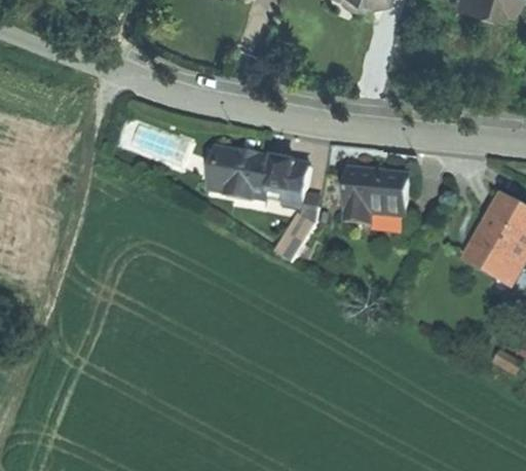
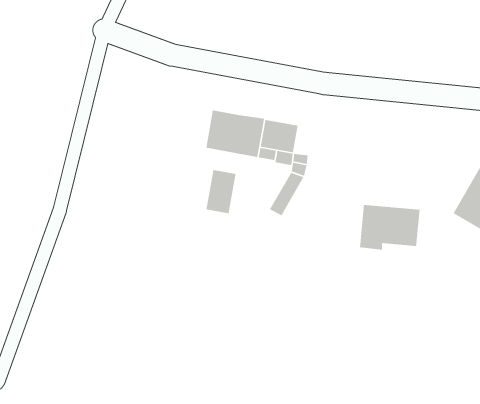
building: [346,171,410,219] -> [359,204,421,251]
building: none -> [206,169,236,214]

